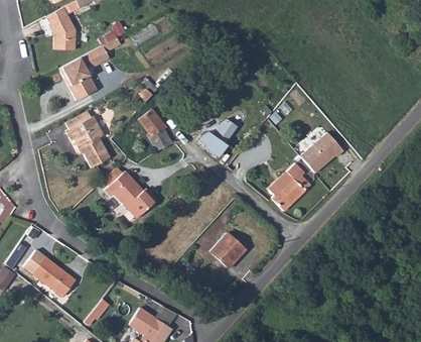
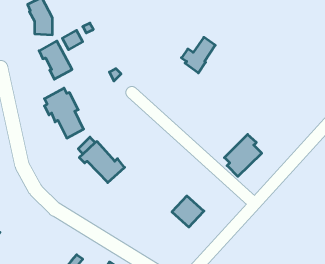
building: [138,109,173,152] -> none
building: [198,117,237,157] -> [181,37,215,73]
building: [300,132,344,174] -> none
building: [23,250,76,297] -> none

